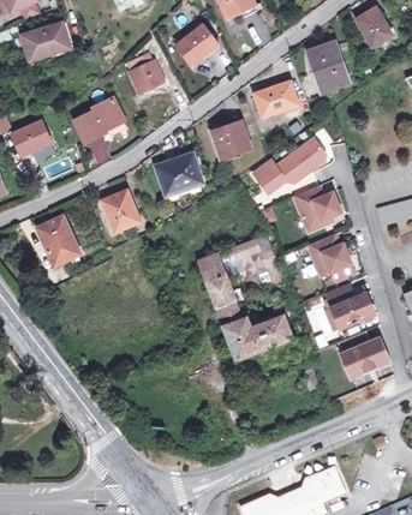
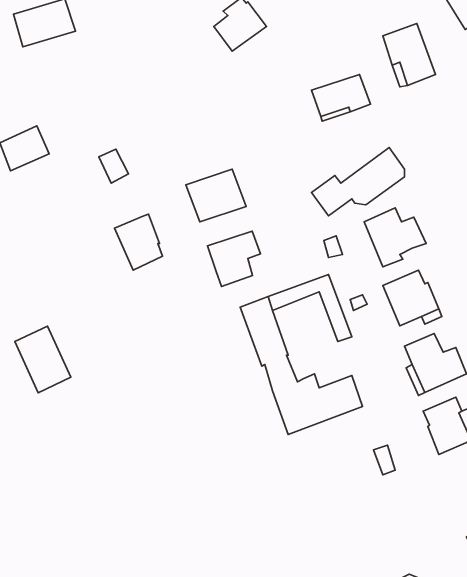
building: [126,53,166,94] -> none
building: [73,100,123,140] -> none
building: [213,121,251,157] -> none
building: none -> [208,231,260,286]
building: [37,215,80,267] -> [15,326,71,393]

